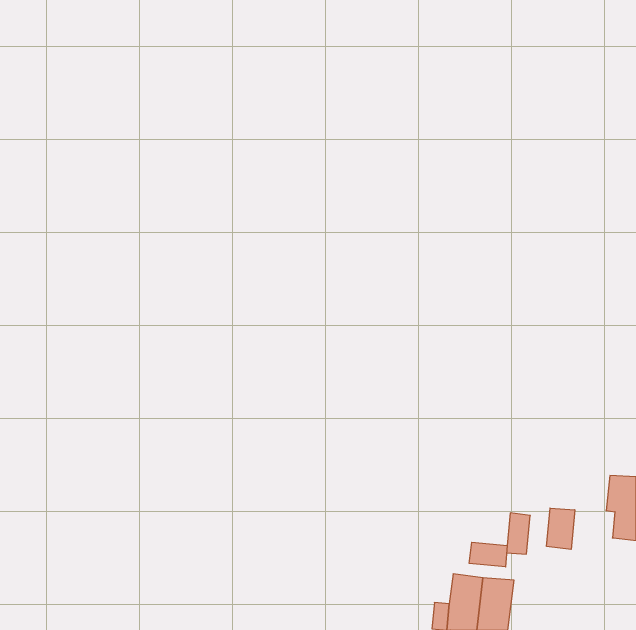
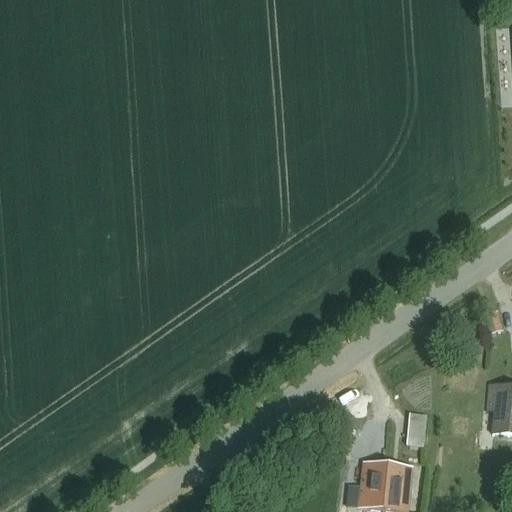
building: [547,508,575,549] -> none
building: [469,542,507,567] -> none

